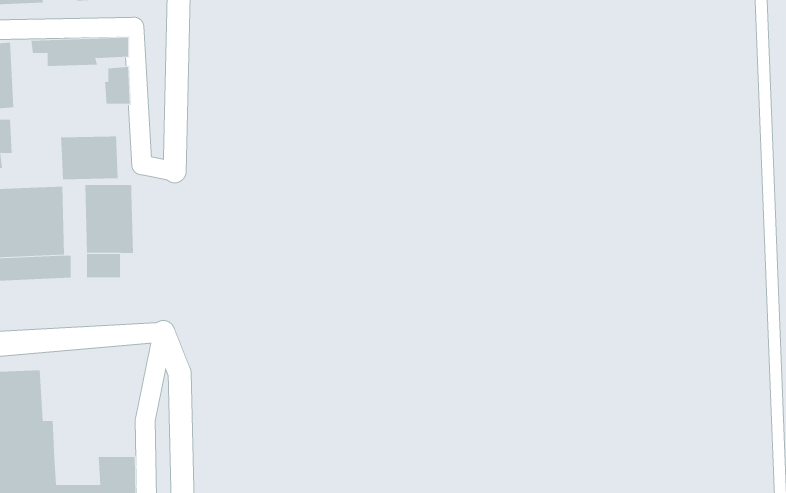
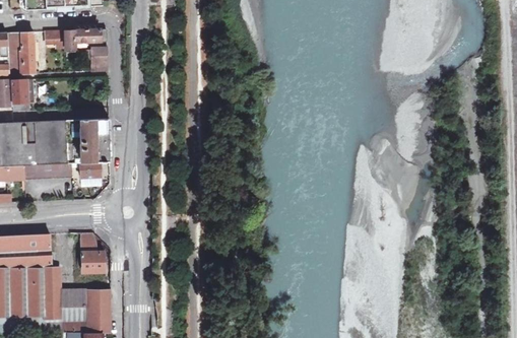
building: [60,136,118,180] -> none
building: none -> [76,243,104,271]
building: none -> [60,288,87,306]

